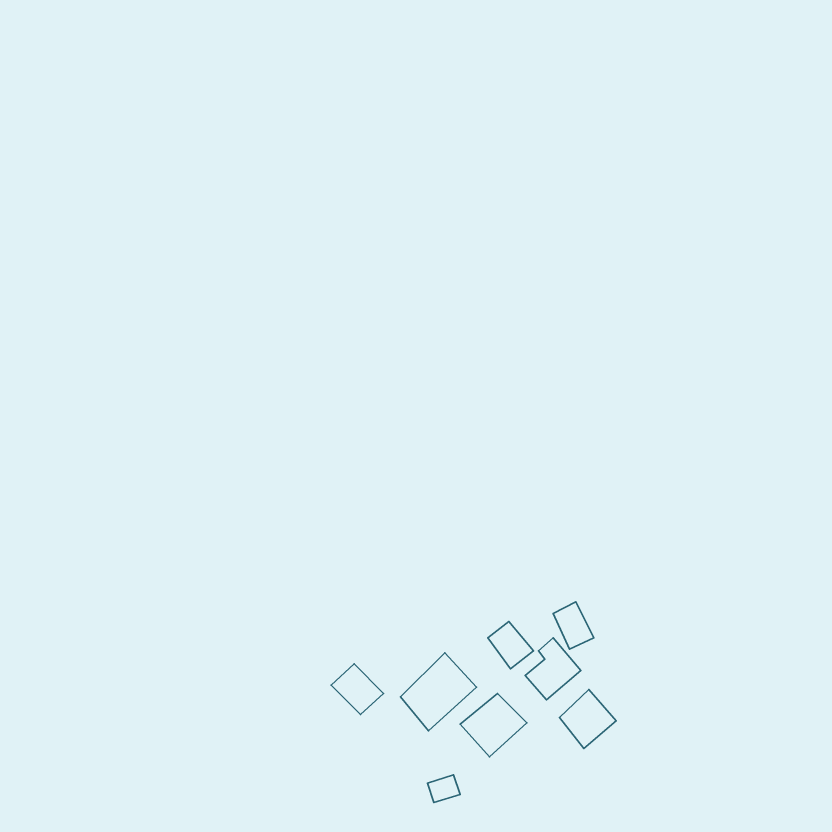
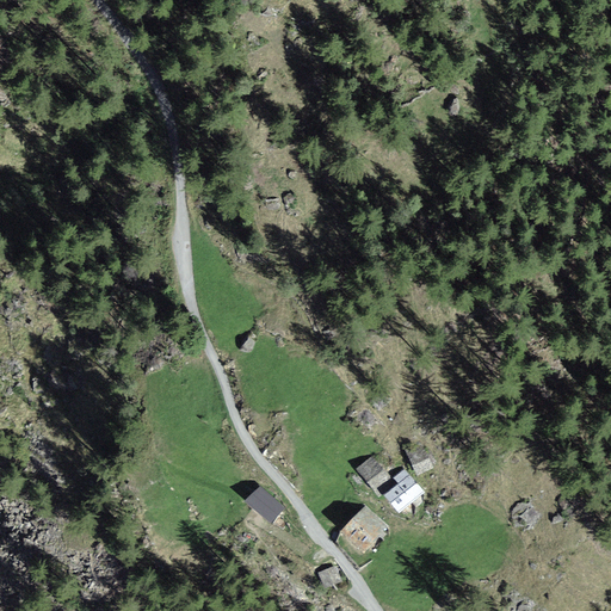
building: [401,653,477,731] -> none
building: [560,689,616,748] -> none

